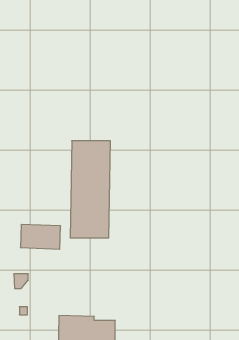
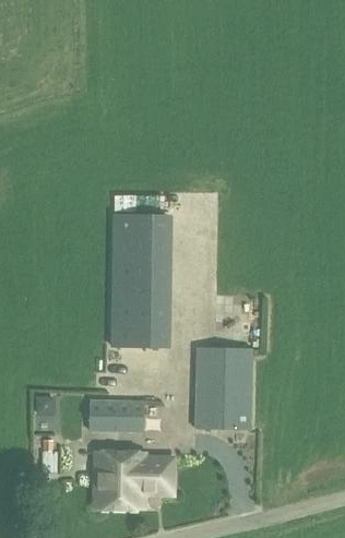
building: [20,224,61,249] -> [90,398,144,432]
building: none -> [197,347,253,429]

